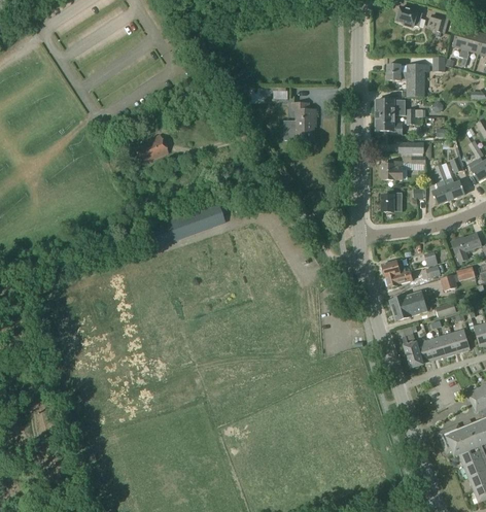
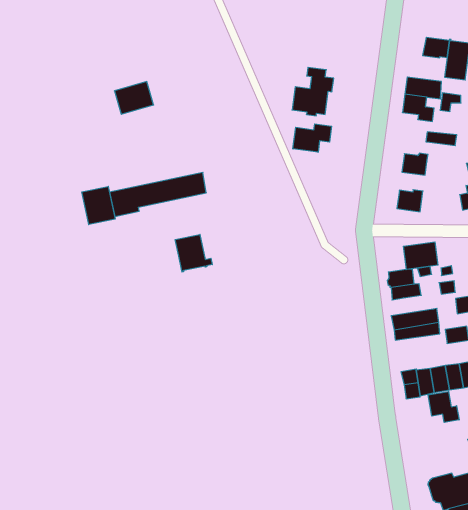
building: none -> [293,124,332,152]
building: none -> [82,186,115,225]
building: none -> [403,242,438,269]
building: none -> [175,234,212,272]
building: none -> [428,391,459,422]

